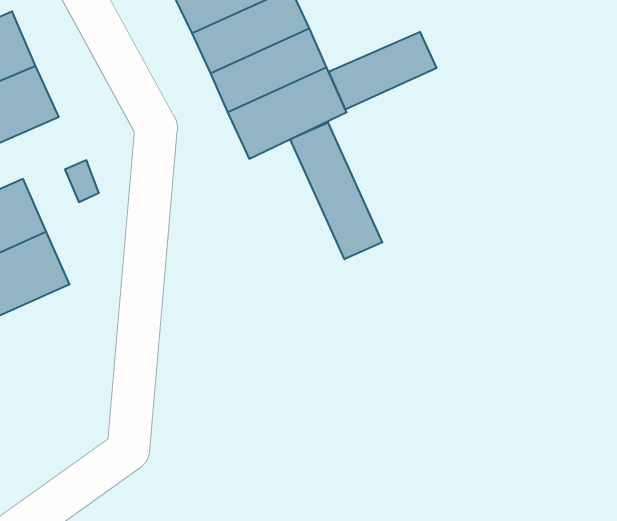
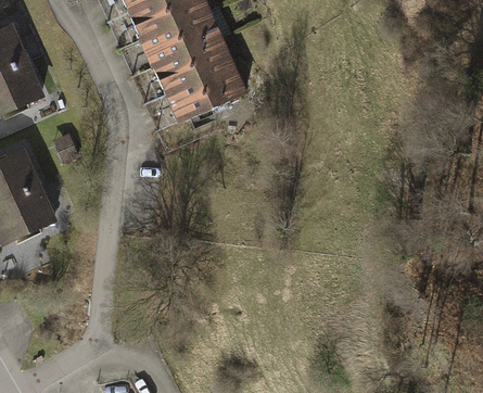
building: [329,32,436,109] -> none
building: [290,122,382,259] -> none

